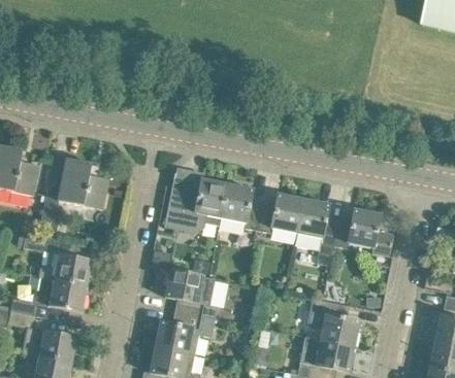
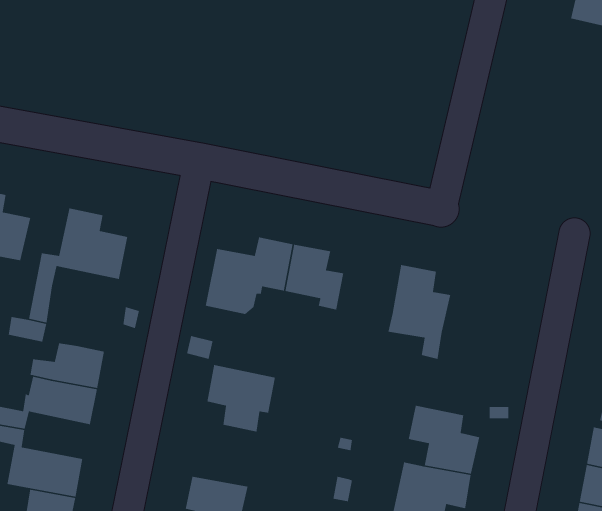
building: [257,194,302,233] -> none
building: [332,208,392,255] -> none
building: [154,312,215,355] -> none

